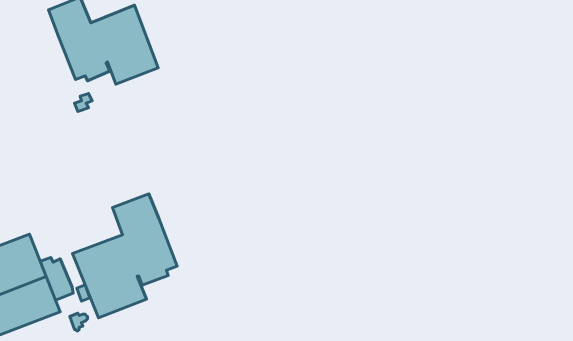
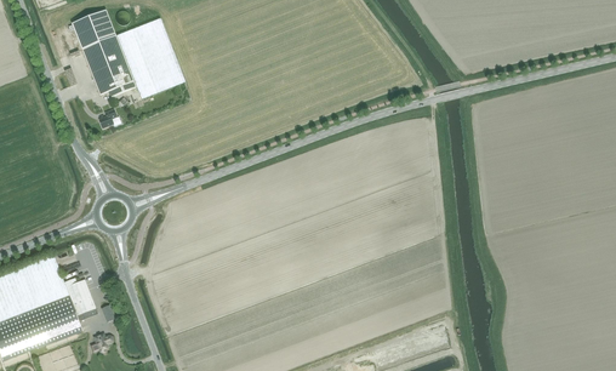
building: [72,194,177,318] -> none

